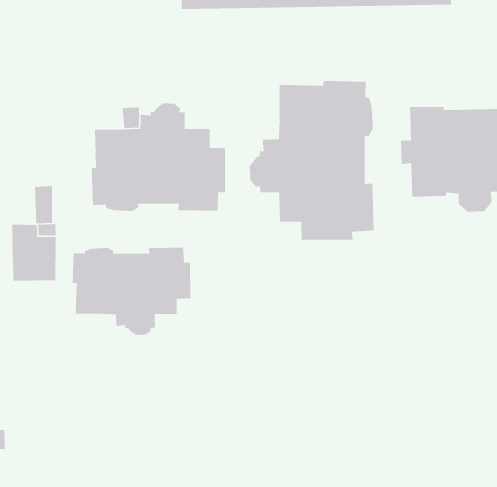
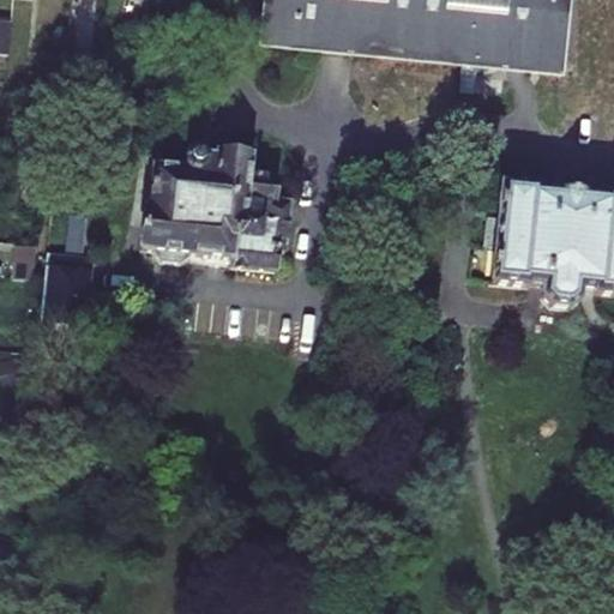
building: [249,80,374,241] -> none
building: [72,247,191,336] -> none

